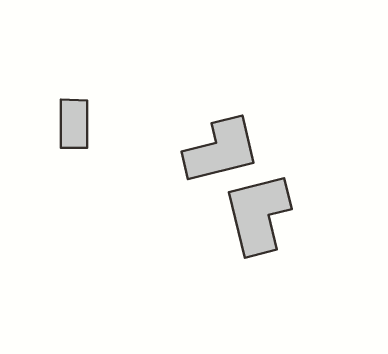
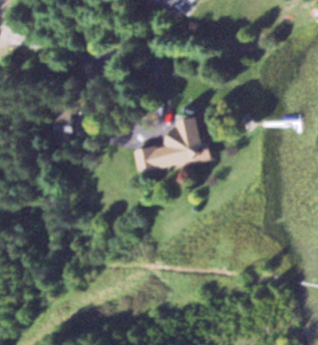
building: [229,178,292,258] -> none

